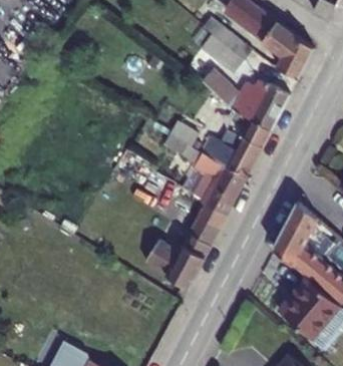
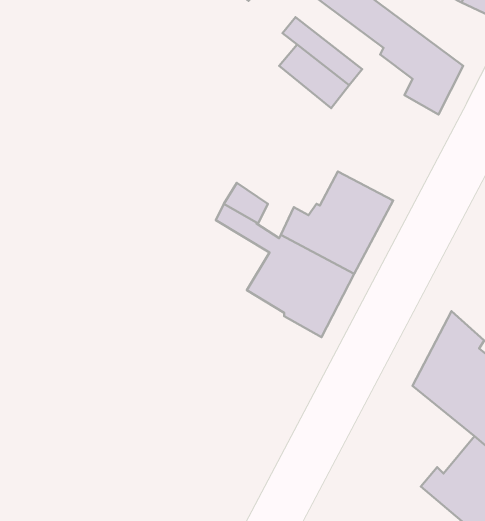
building: [199,69,287,131] -> none
building: [142,203,224,288] -> none

